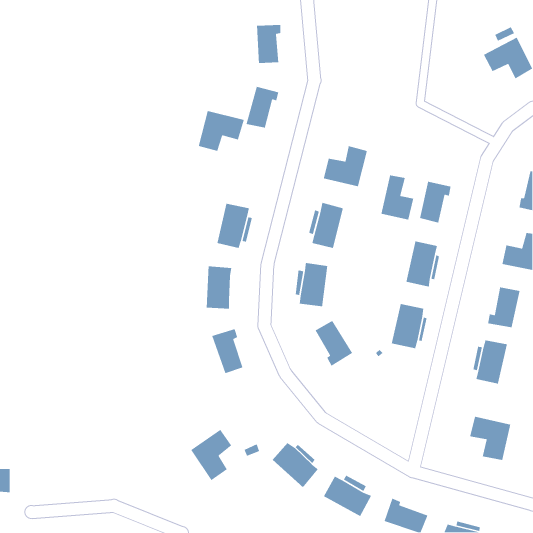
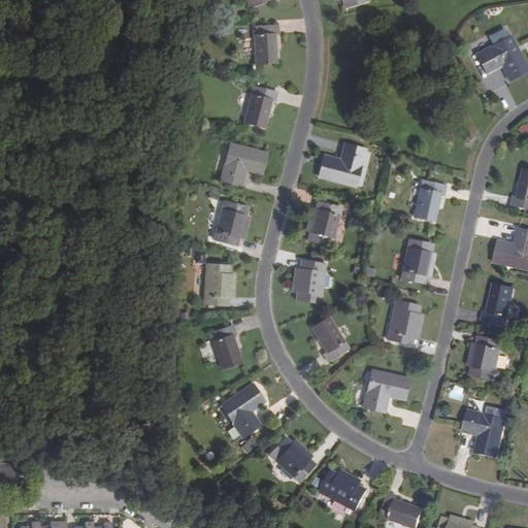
building: [198,110,245,152] -> [220,143,266,185]
building: [381,174,414,221] -> none
building: none -> [363,370,407,410]
building: [190,429,232,481] -> [221,384,262,435]

